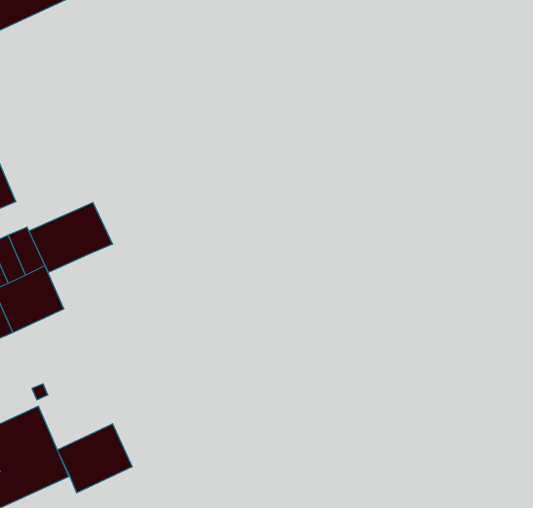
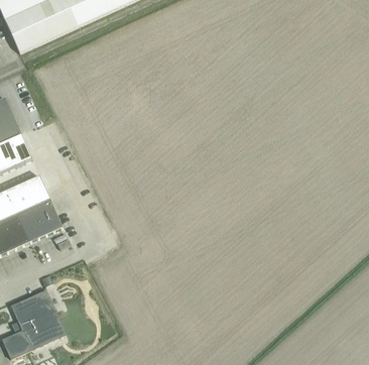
building: [29,202,113,273] -> none
building: [57,424,132,493] -> none

